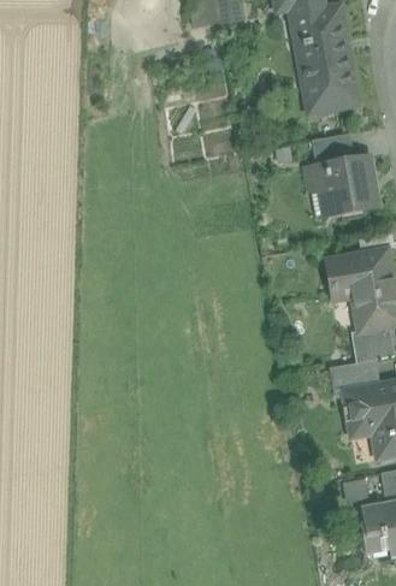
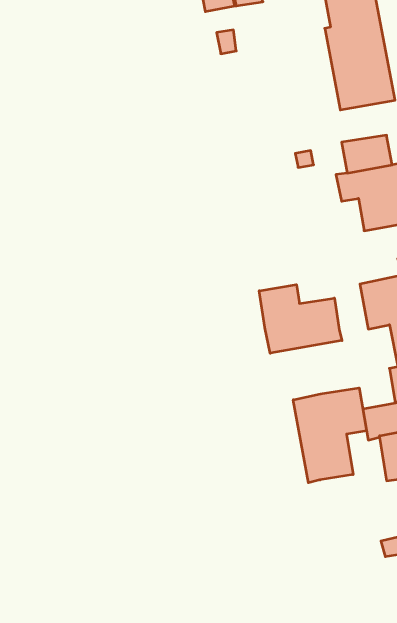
building: none -> [259,285,342,353]
building: none -> [293,388,366,483]

